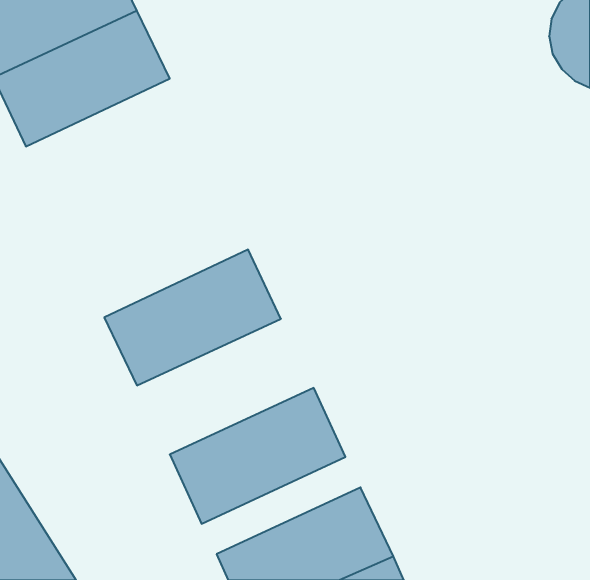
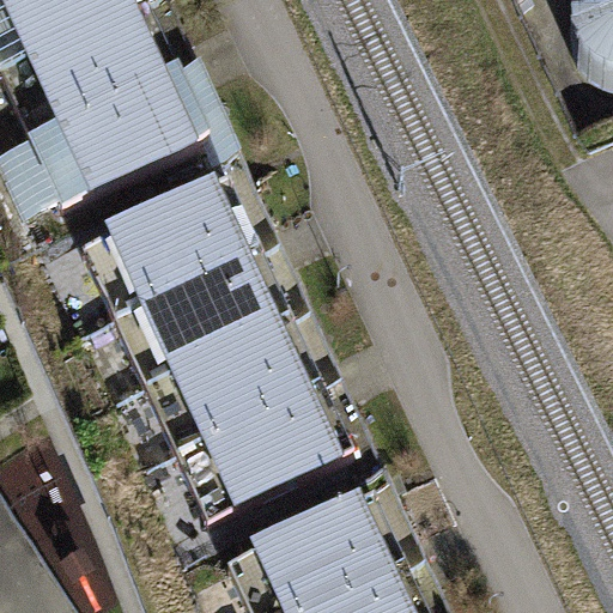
building: none -> [26,80,206,220]
building: none -> [74,184,254,324]
building: none -> [140,326,321,465]

